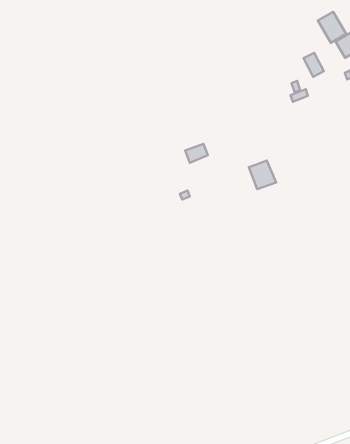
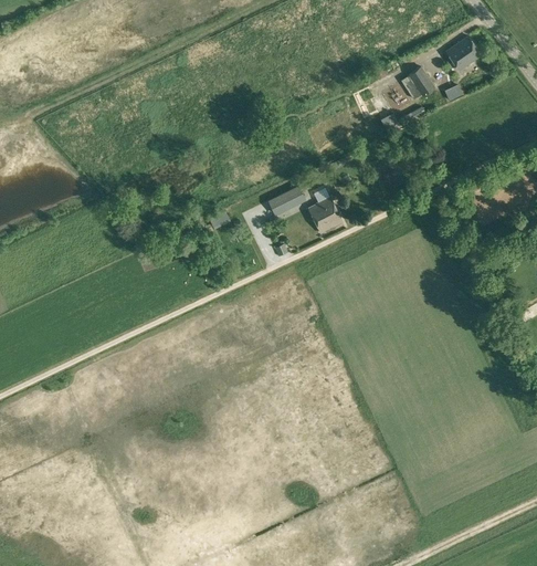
building: [318,12,346,43] -> none
building: [249,160,276,189] -> [307,197,341,232]

